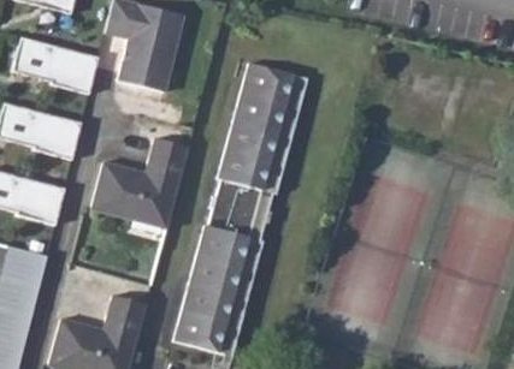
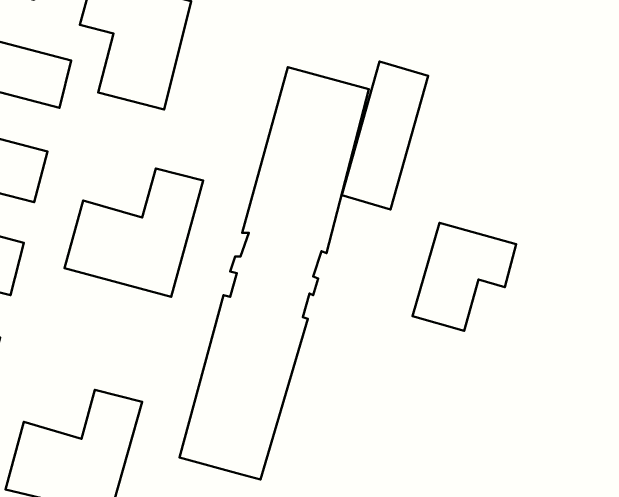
building: none -> [342,61,428,210]
building: none -> [413,223,516,331]

